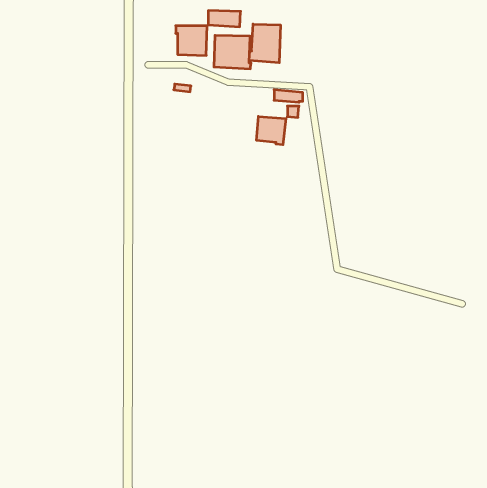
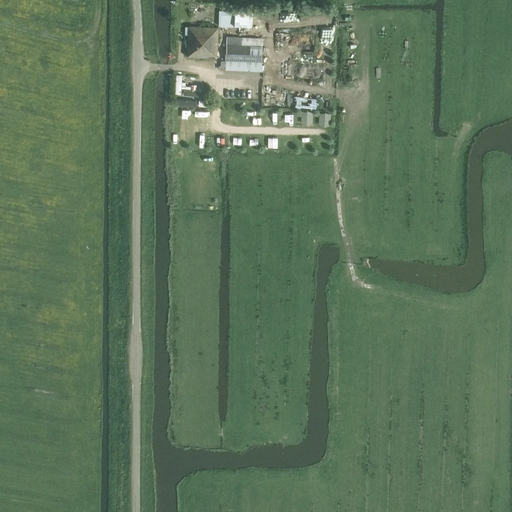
building: [249,24,280,63] -> none
building: [257,116,286,145] -> none

